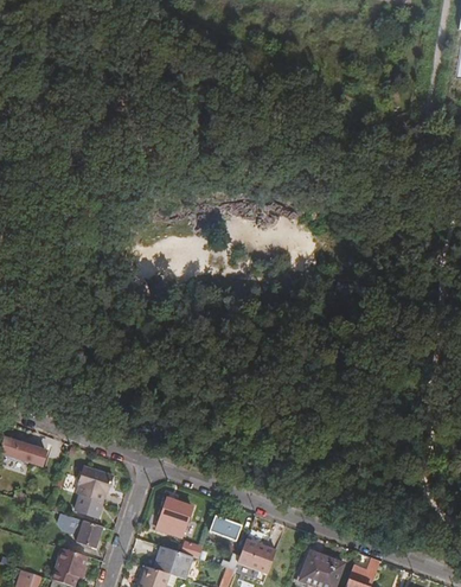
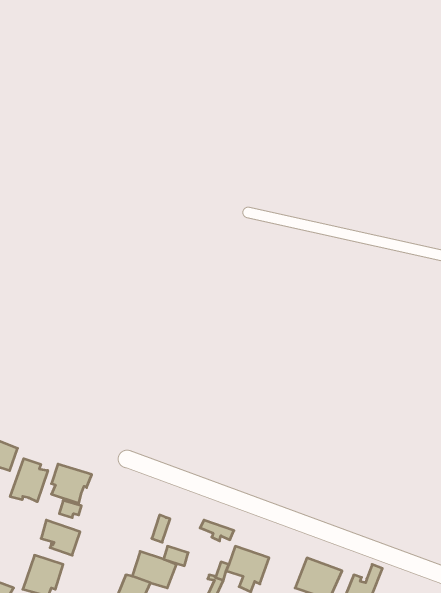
building: none -> [10,459,48,502]
building: [154,496,185,534] -> none

